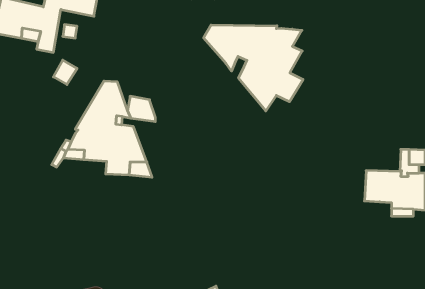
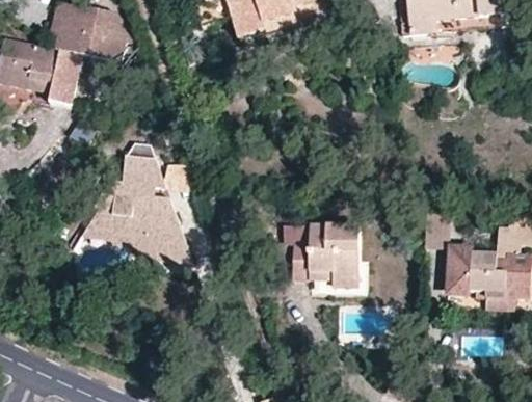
building: [204,25,303,111] -> none
building: none -> [284,223,360,286]

